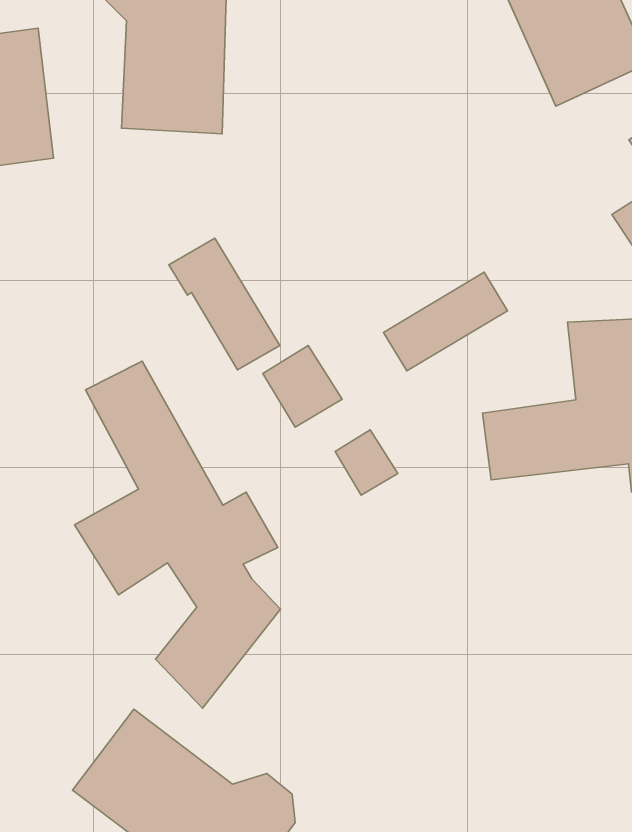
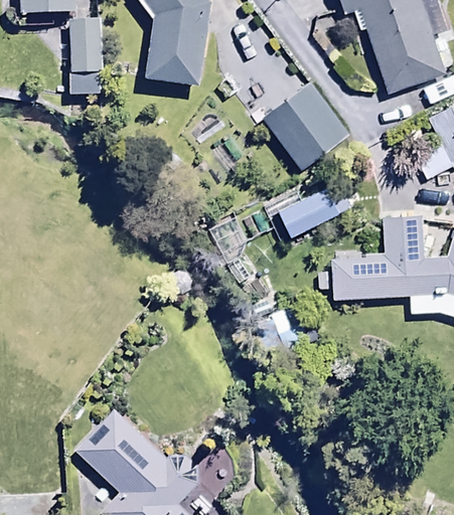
building: none -> [262,79,349,168]
building: [169,238,280,370] -> none
building: [74,361,281,708] -> none

